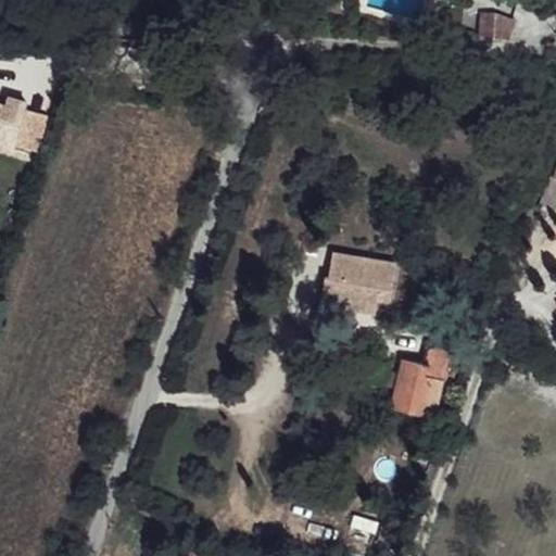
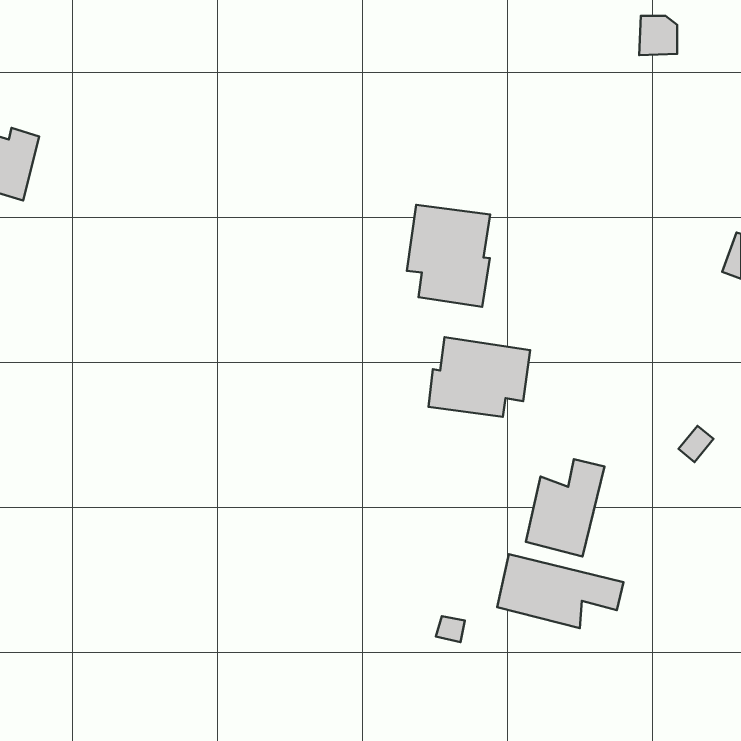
building: none -> [407,205,490,307]
building: none -> [497,554,624,628]

